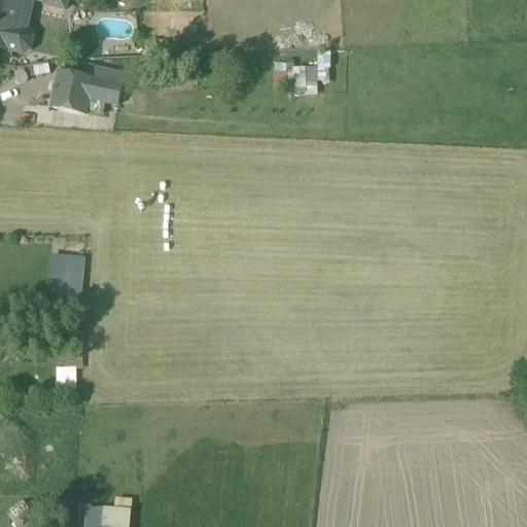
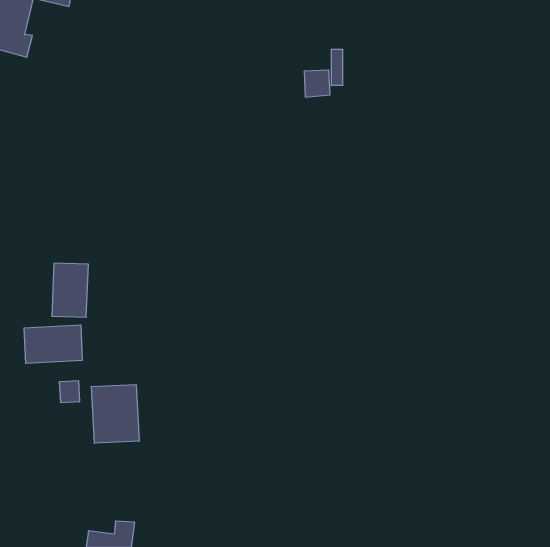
building: [46,65,124,116] -> none
building: none -> [24,325,82,363]
building: none -> [91,385,139,443]

